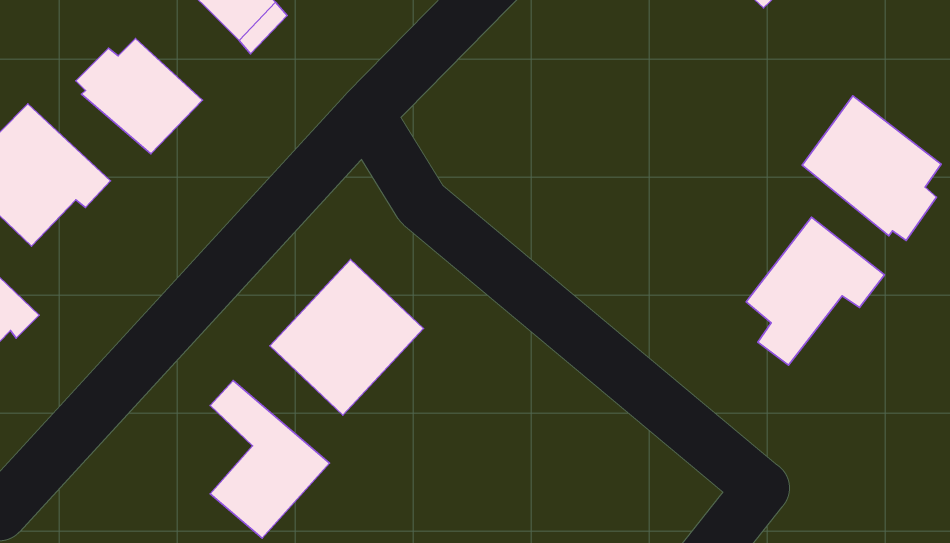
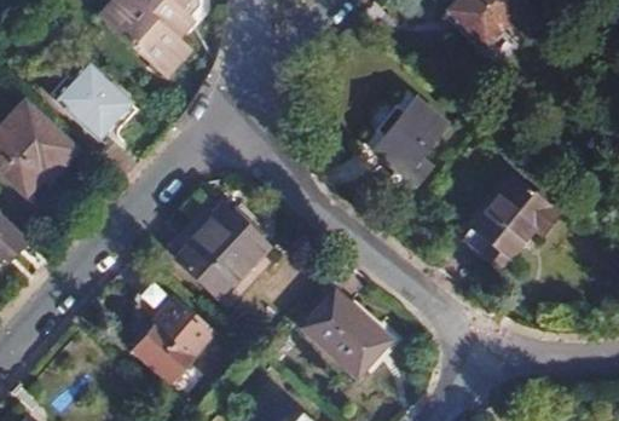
building: none -> [370,98,451,179]
building: [802,96,941,241] -> none
building: none -> [302,293,388,376]

